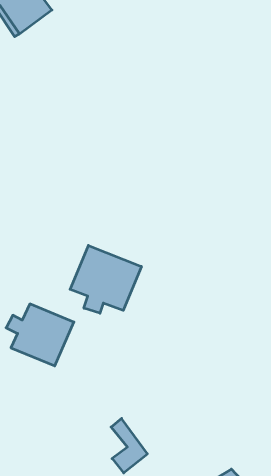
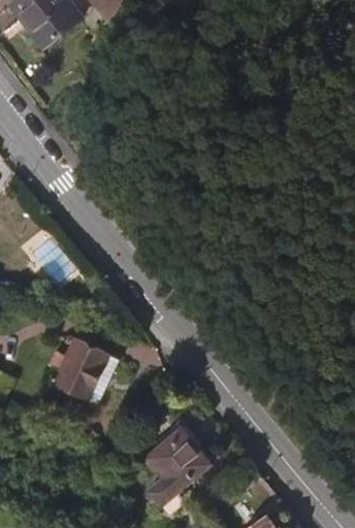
building: [70,245,141,313] -> none
building: none -> [162,437,215,493]

